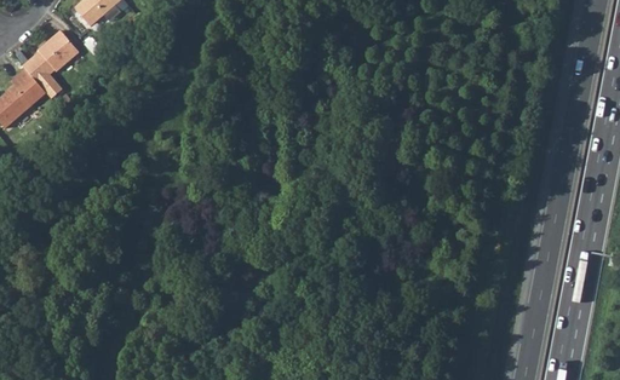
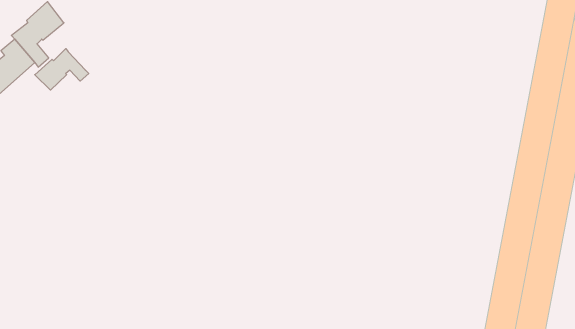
building: none -> [35,49,89,90]

